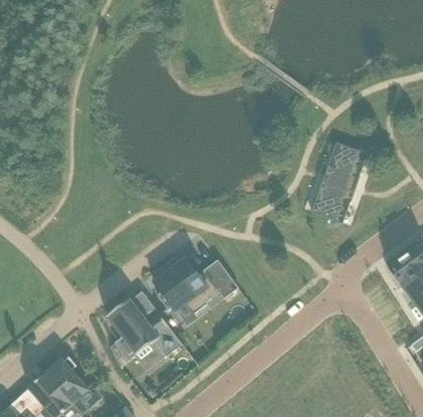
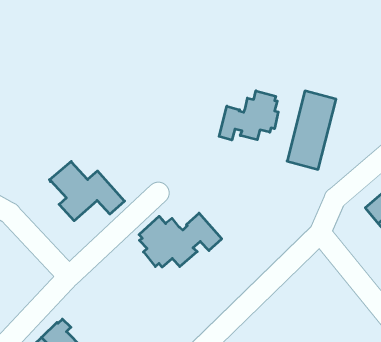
building: none -> [219,91,278,140]
building: [108,298,183,360] -> [49,161,125,221]

